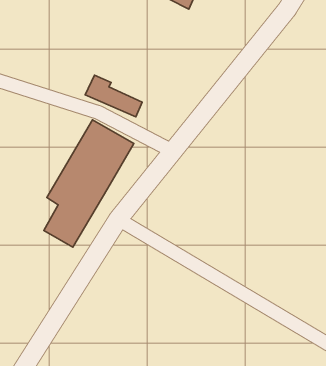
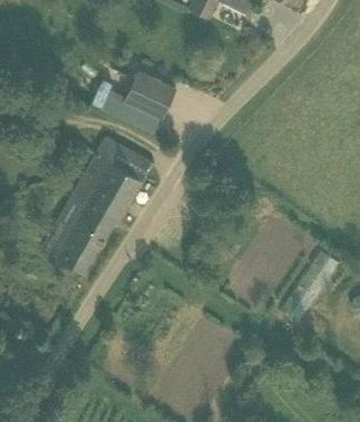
building: none -> [124,71,174,118]

